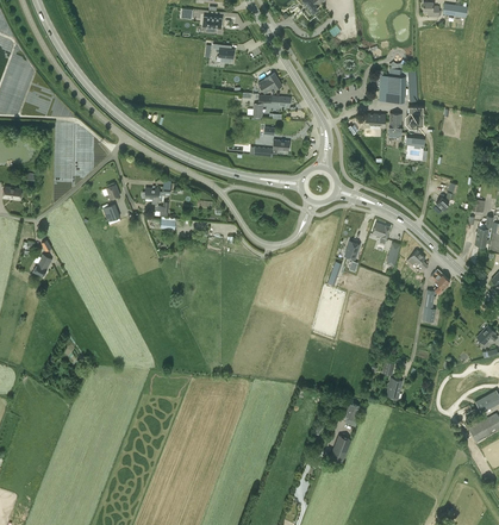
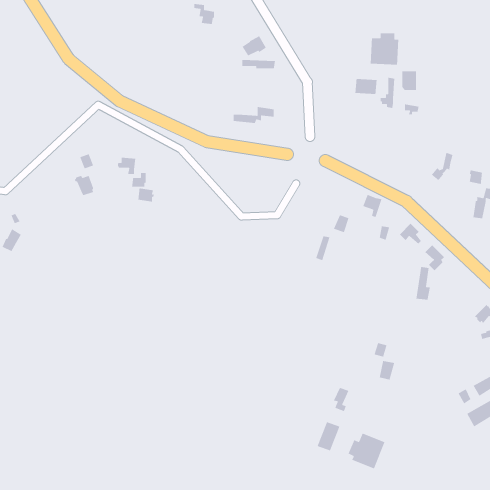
building: none -> [347,432,386,469]

